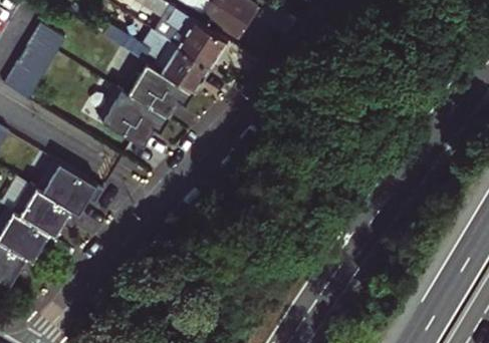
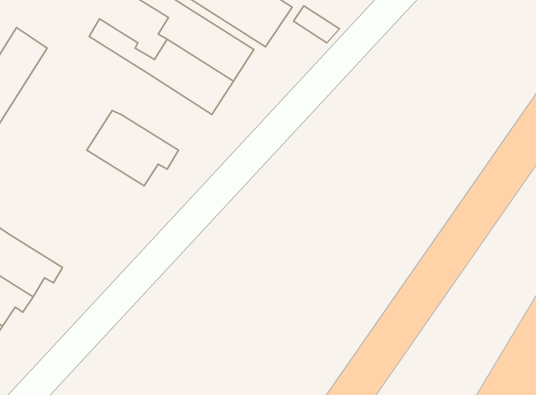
building: [125,59,197,119] -> none
building: [35,157,102,212] -> none

